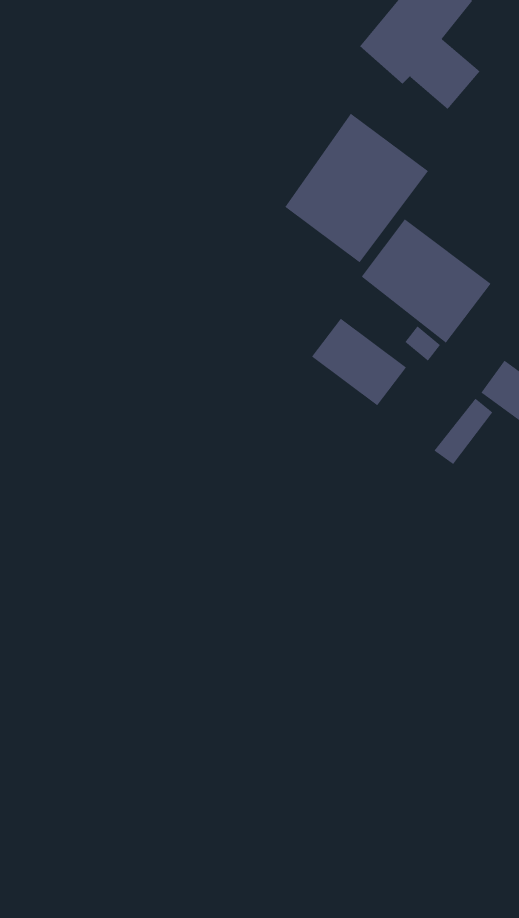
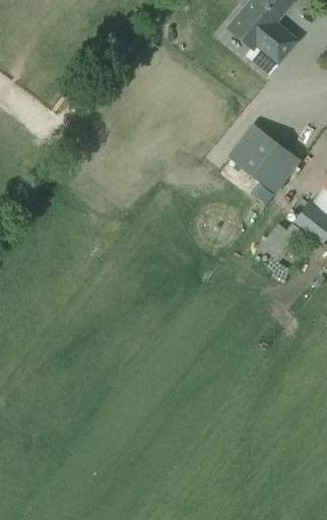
building: [284,113,429,263] -> none
building: [311,318,407,406] -> none

